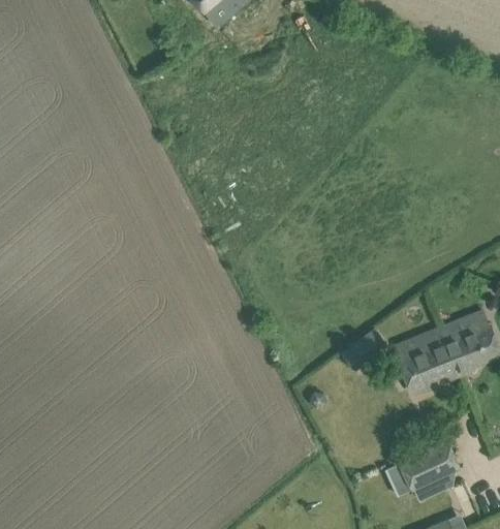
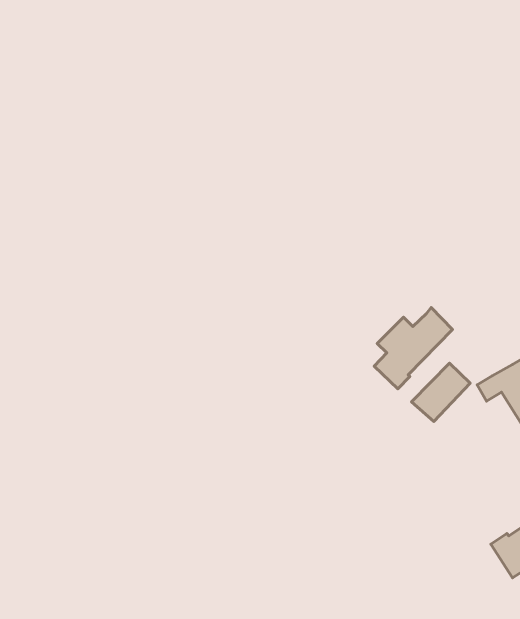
building: none -> [374,308,453,389]

